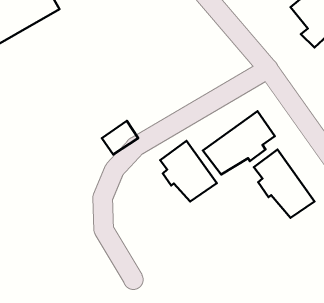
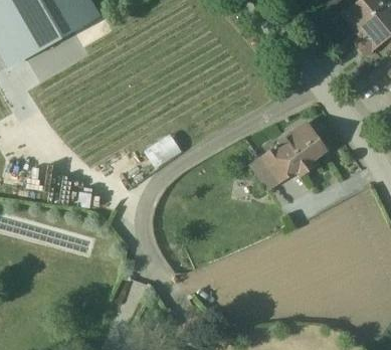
building: [160,141,217,202] -> none
building: [254,150,315,218] -> none

